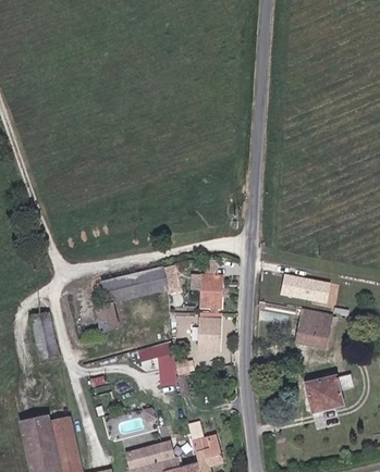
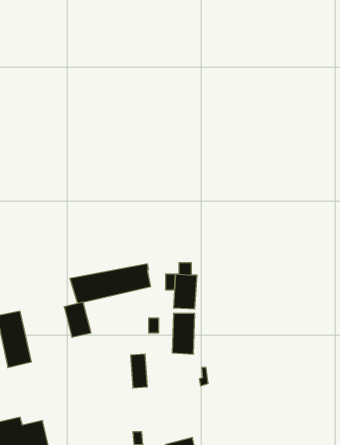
building: [279,272,330,303] -> none
building: [294,308,332,348] -> none
building: [305,373,353,411] -> none

